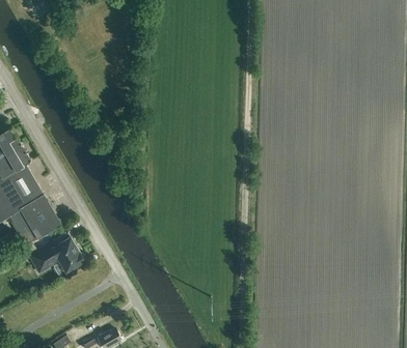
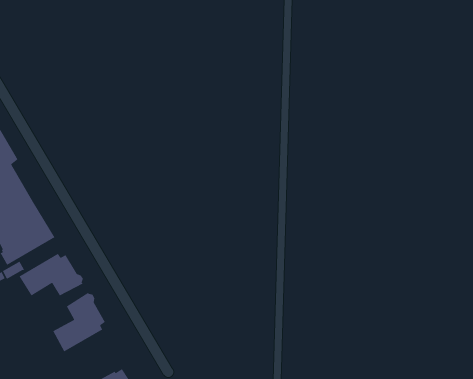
building: none -> [52,291,106,353]

